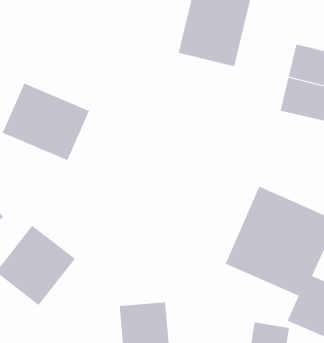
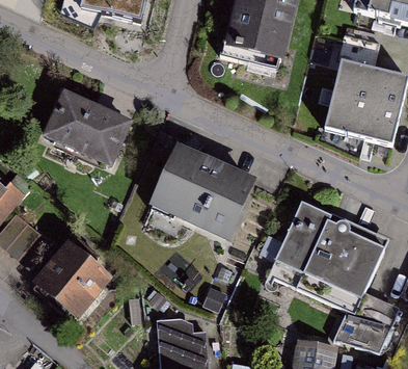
building: none -> [155,149,255,241]

